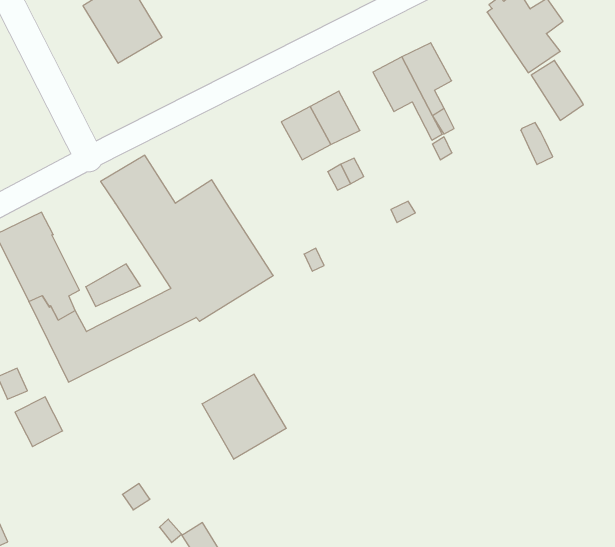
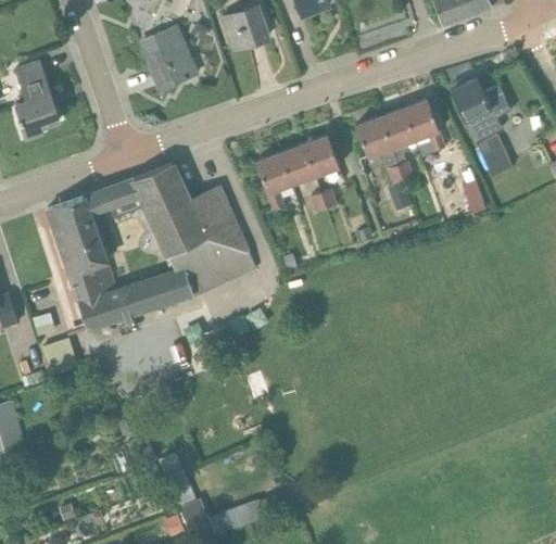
building: none -> [404,100,445,152]
building: none -> [256,153,292,210]
building: [86,264,141,306] -> [101,179,143,208]
building: [202,374,286,459] -> none

